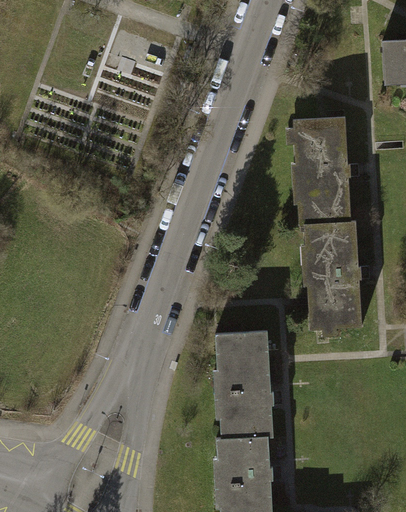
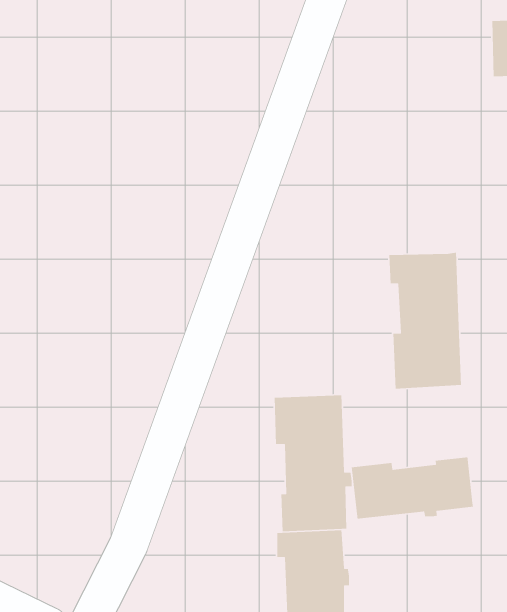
building: [293,118,351,224] -> none
building: none -> [351,457,474,520]

